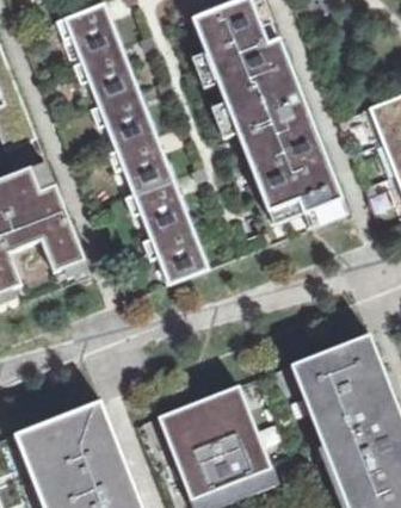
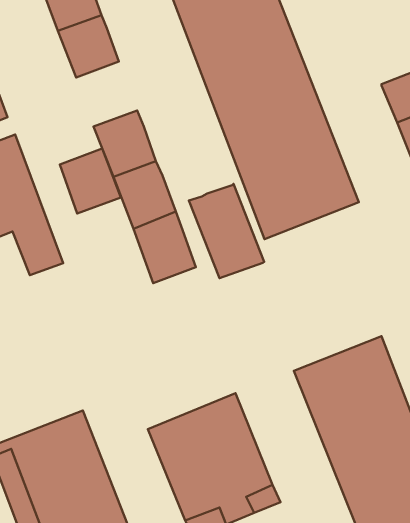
building: [95,88,150,147] -> [60,149,121,214]
building: none -> [189,184,264,278]

